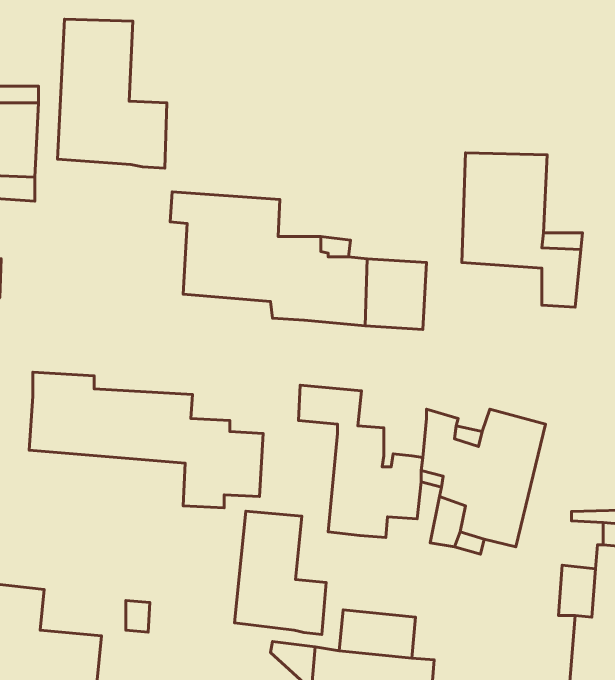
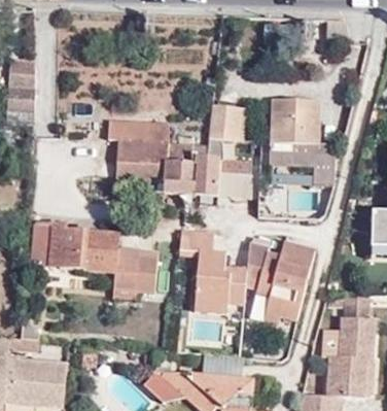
building: [57,19,167,168] -> none
building: none -> [209,104,244,140]
building: [234,511,326,634] -> none

